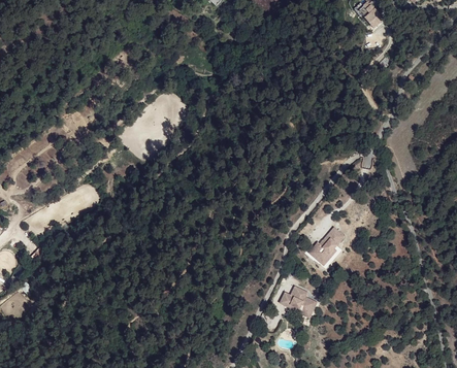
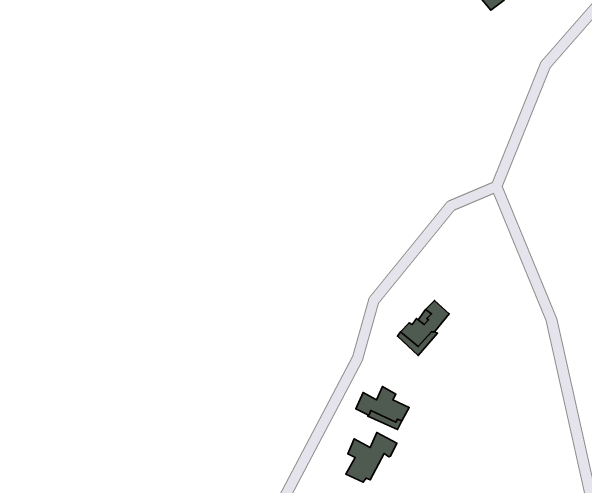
building: none -> [346,433,397,482]

